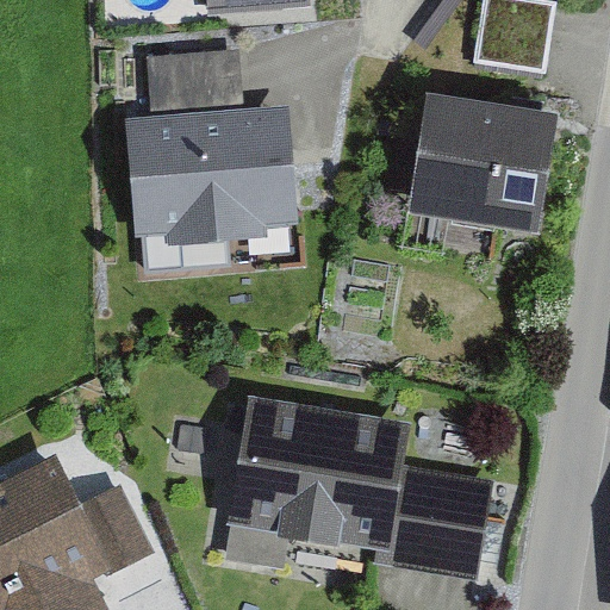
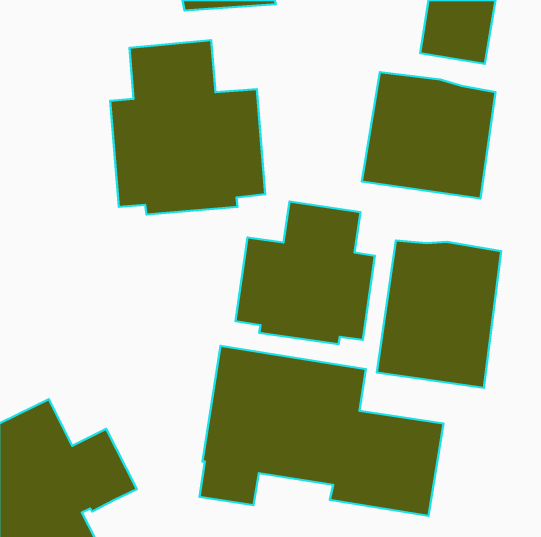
building: none -> [236,201,375,344]
building: none -> [377,241,501,388]

